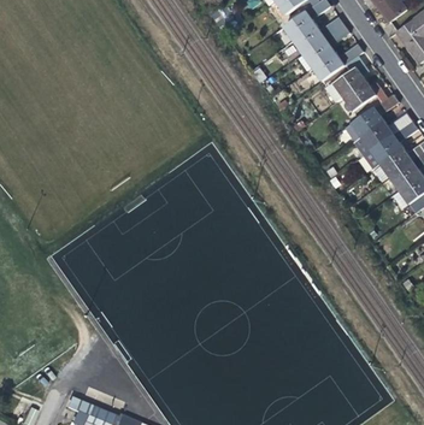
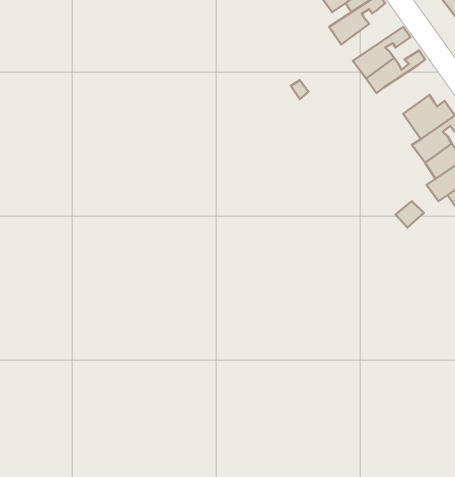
building: [290,14,341,51] -> none
building: [319,54,363,94] -> none

